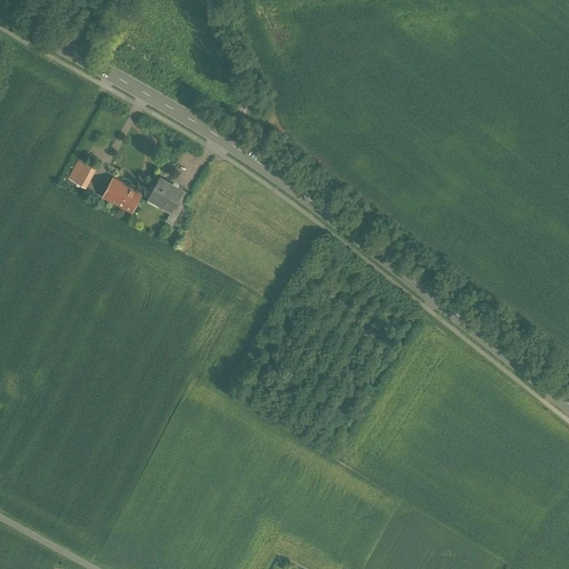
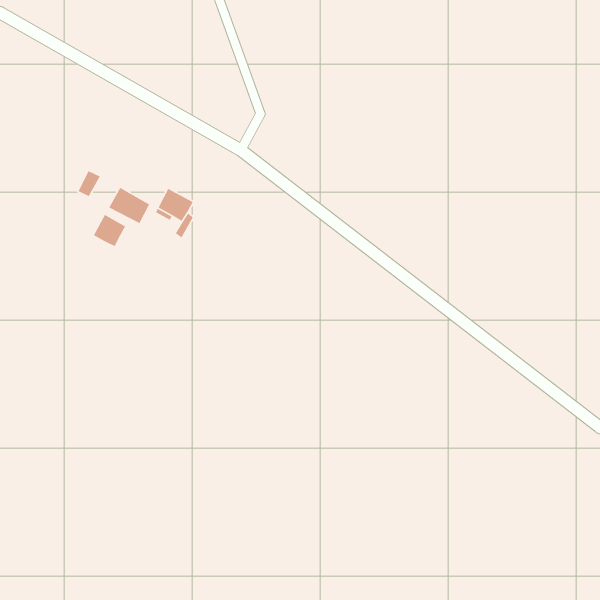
building: none -> [93,214,126,247]

